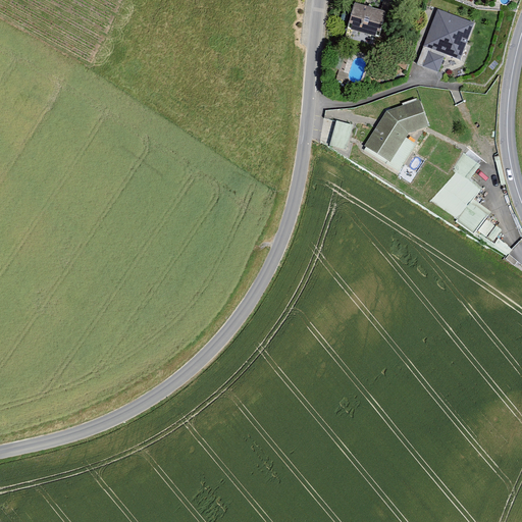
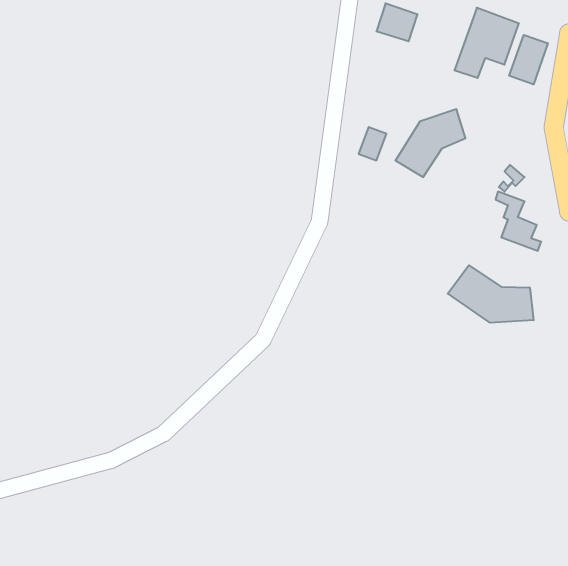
building: none -> [509,35,548,84]
building: none -> [448,265,534,323]

